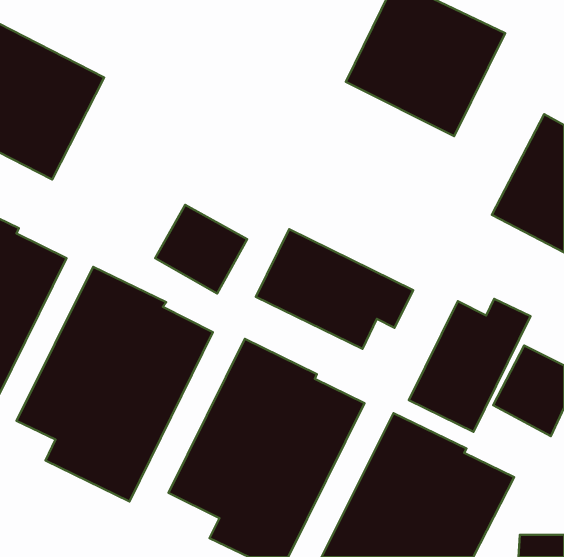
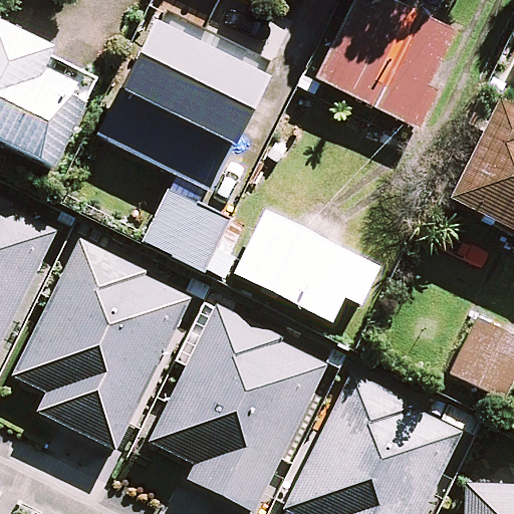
building: none -> [95,18,264,189]
building: [409,299,530,432] -> none

